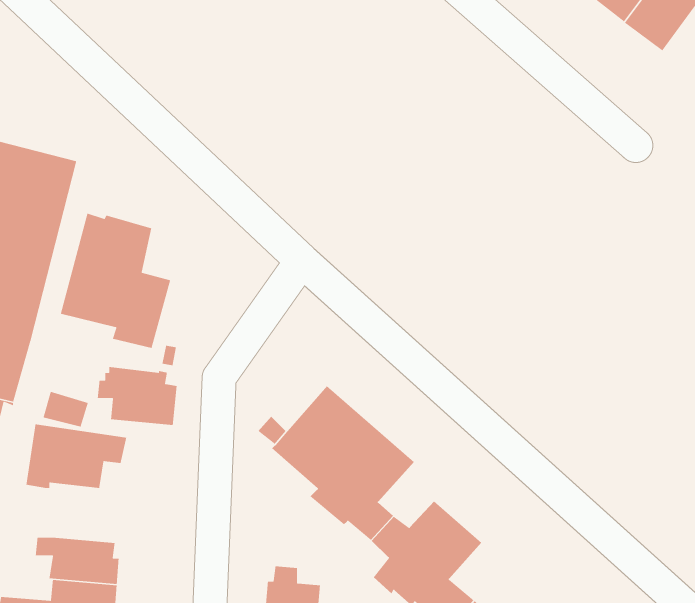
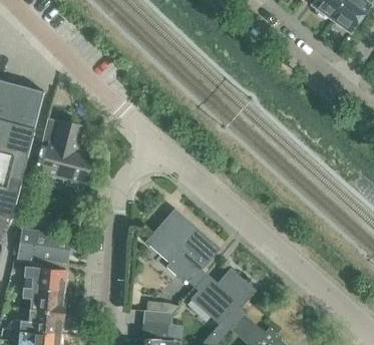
building: [97,366,178,426] -> [24,260,66,291]

